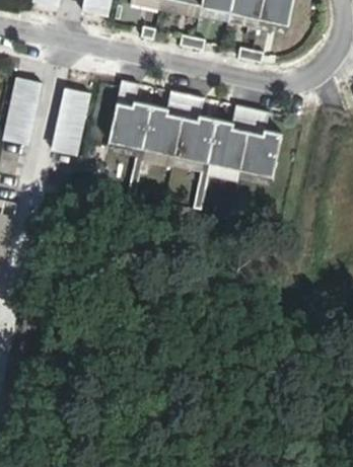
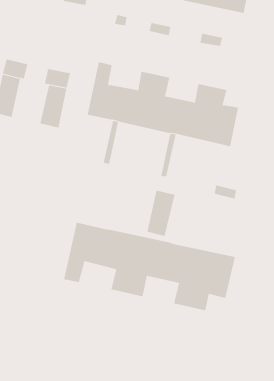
building: none -> [147,190,175,237]
building: none -> [63,222,235,311]

